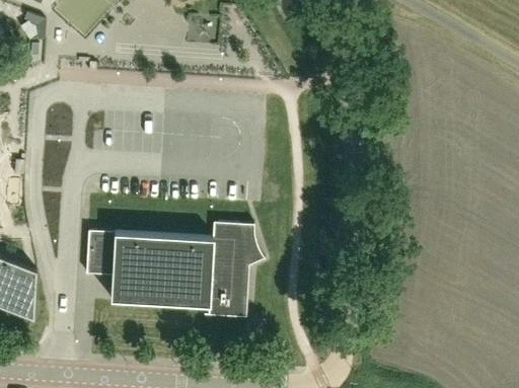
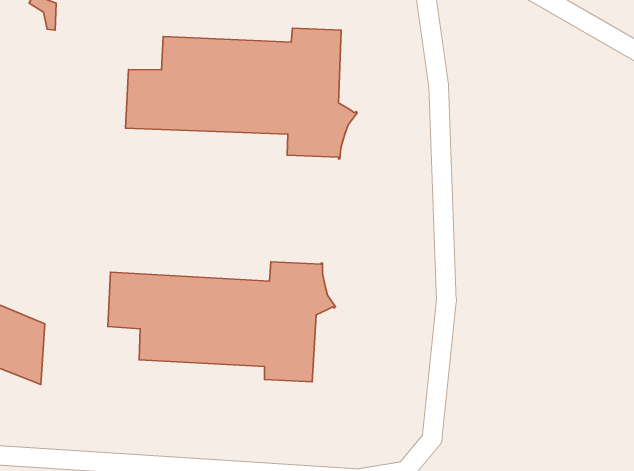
building: none -> [126,28,357,159]

